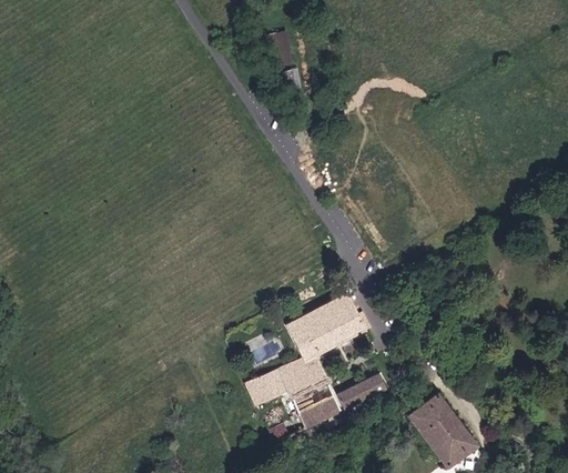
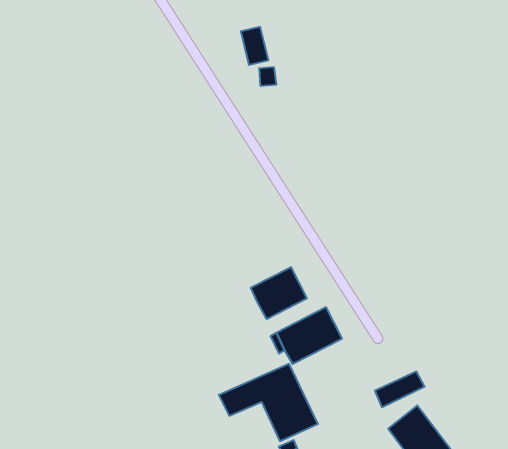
building: none -> [251,267,307,319]
building: [337,374,385,409] -> [375,371,425,407]

